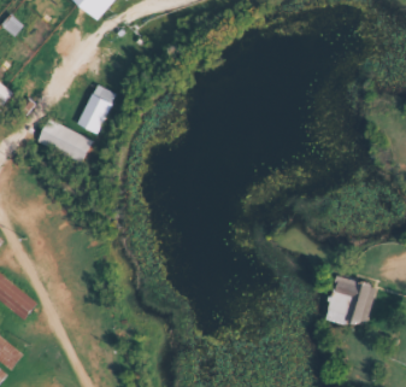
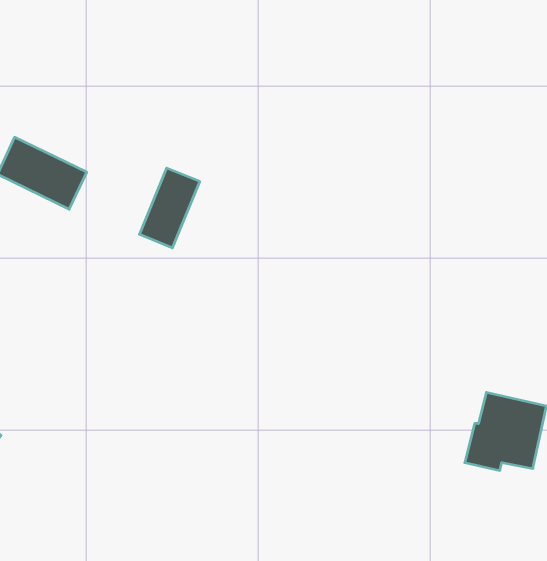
building: [77,84,114,134] -> [139,168,200,248]

